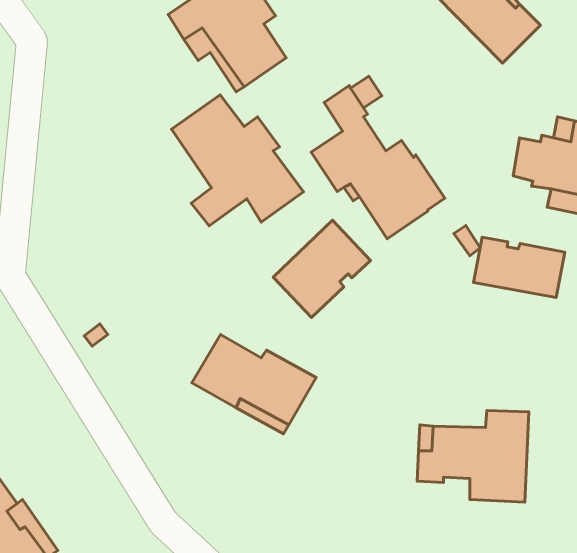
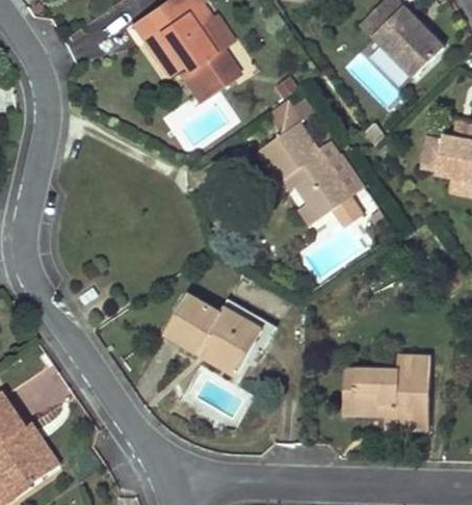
building: [172,95,303,226] -> none
building: [273,220,371,317] -> none
building: [474,237,565,297] -> none

